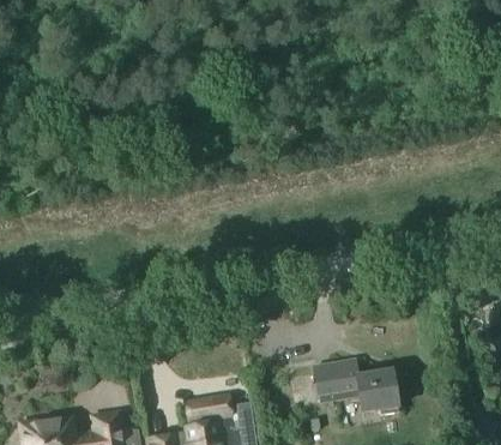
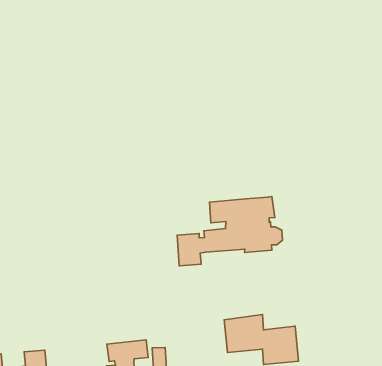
building: none -> [177,196,282,266]

